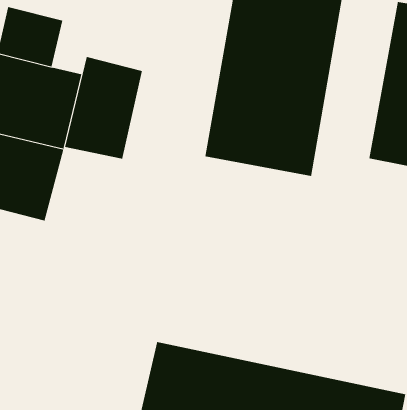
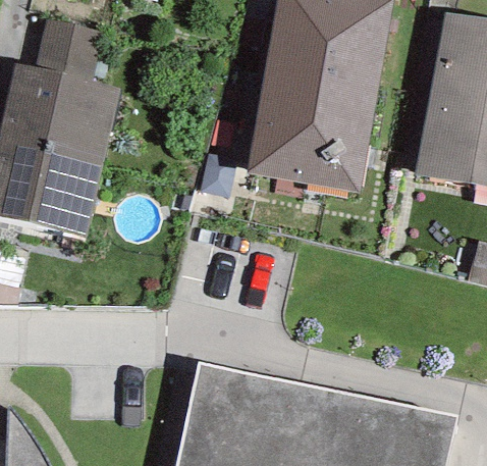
building: [65,56,143,160] -> none

